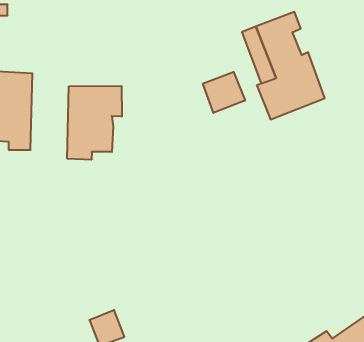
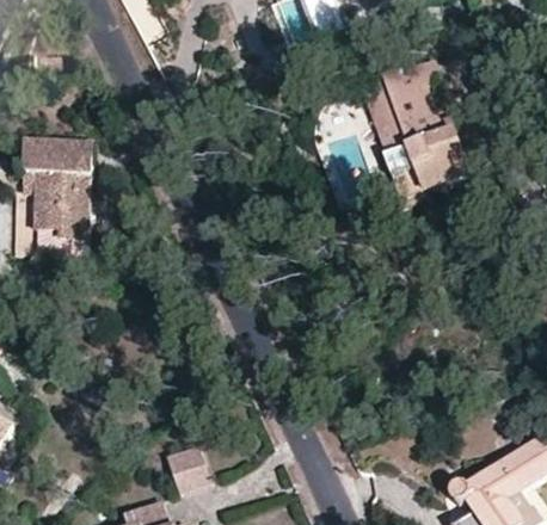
building: [203,72,245,113] -> none
building: [67,86,122,160] -> none

